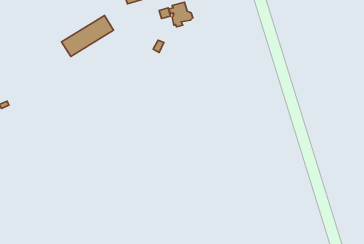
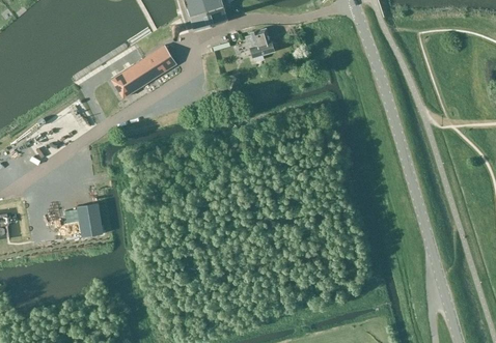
building: none -> [77,203,103,237]

